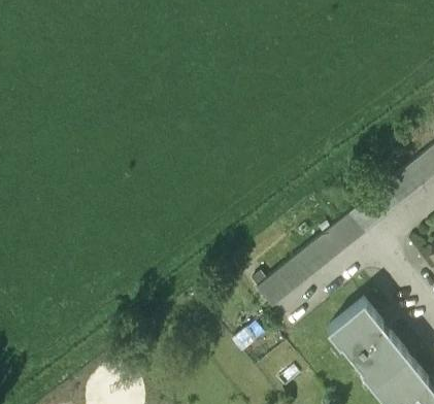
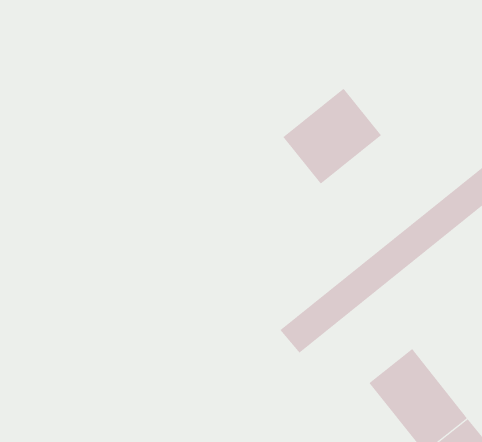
building: none -> [282,88,382,185]

